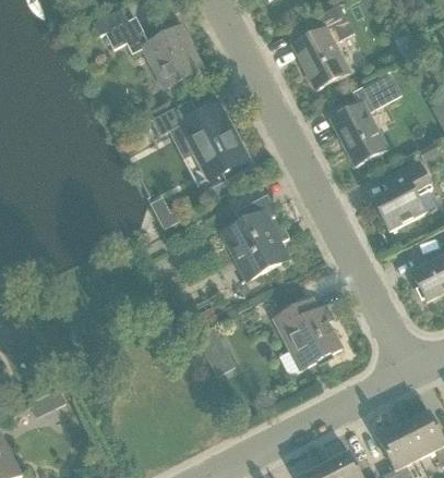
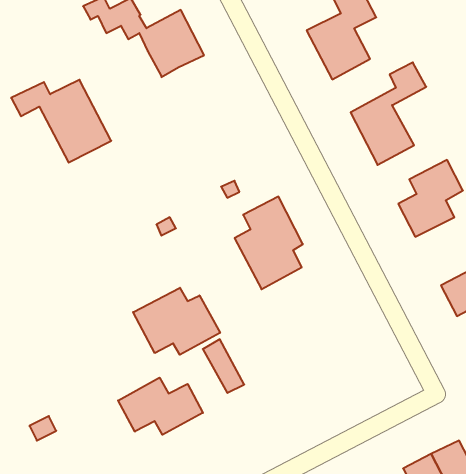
building: [157,102,247,176] -> [11,80,111,163]
building: none -> [133,288,220,355]
building: [273,297,340,368] -> none
building: none -> [118,378,203,435]

